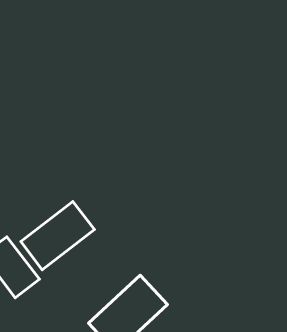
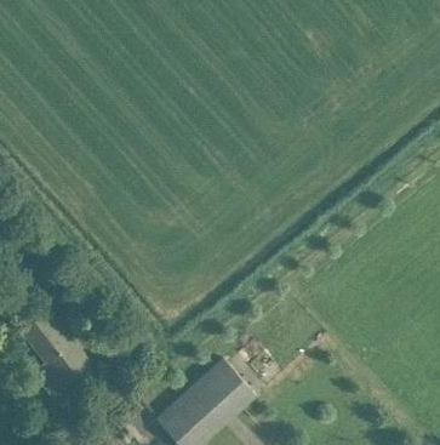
building: [21,201,94,270] -> none

